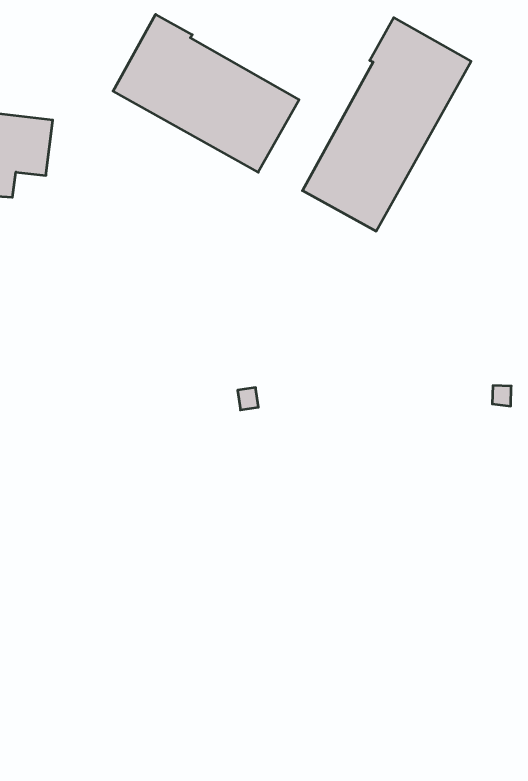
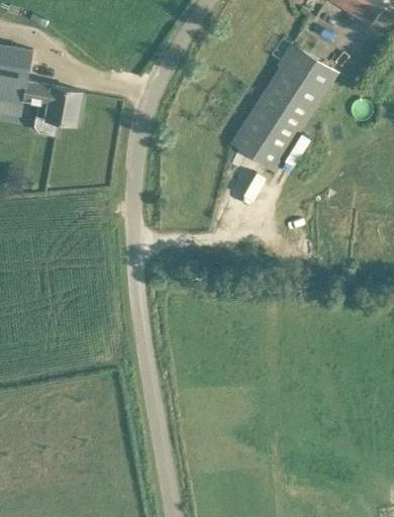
building: [113,14,299,172] -> none

